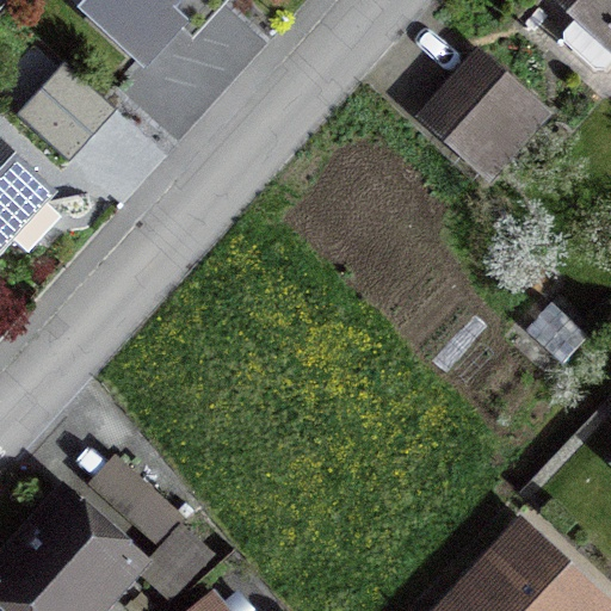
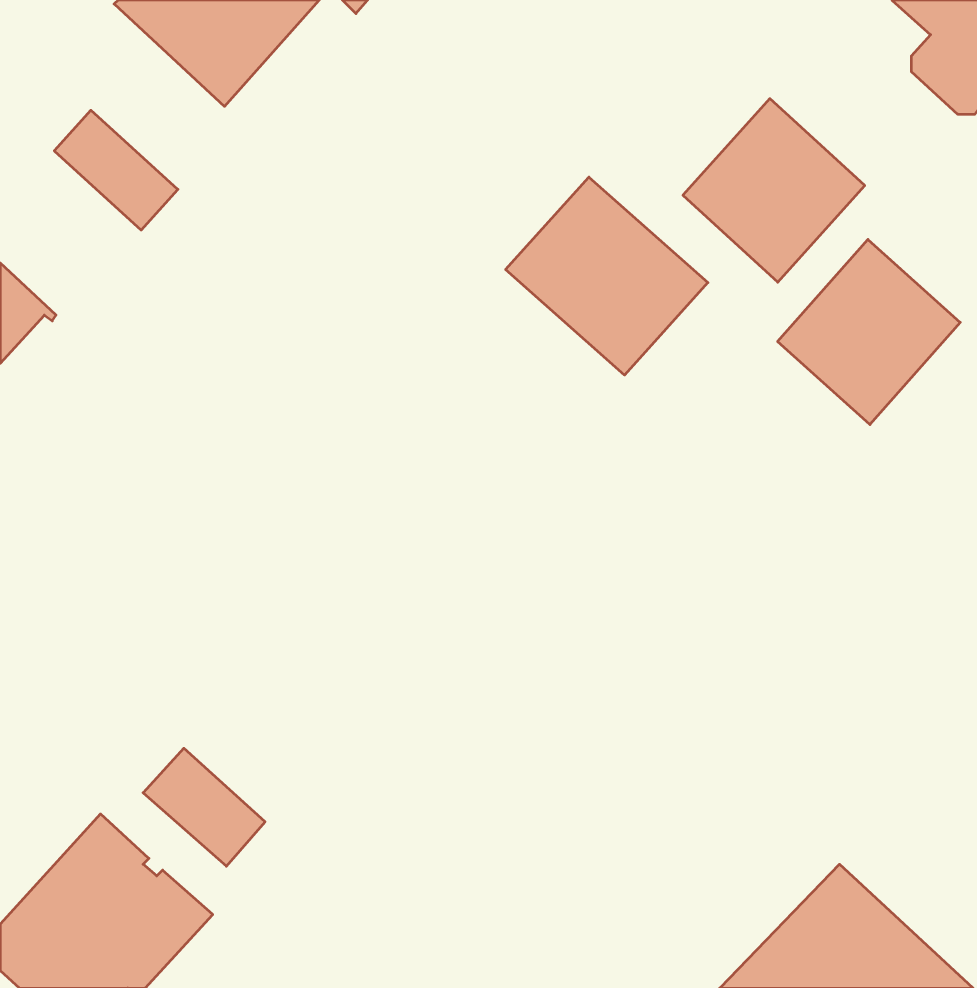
building: none -> [506,177,708,375]
building: none -> [778,239,960,425]

